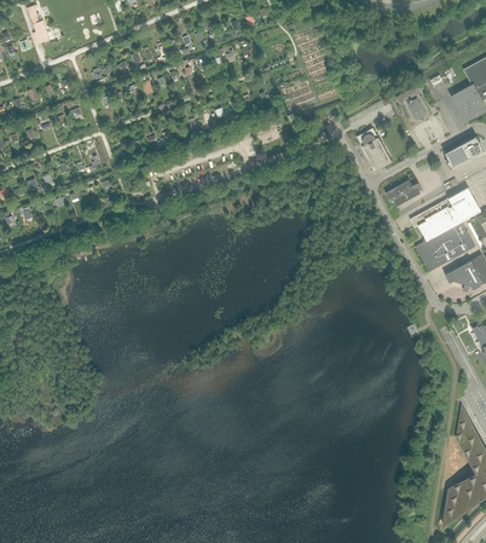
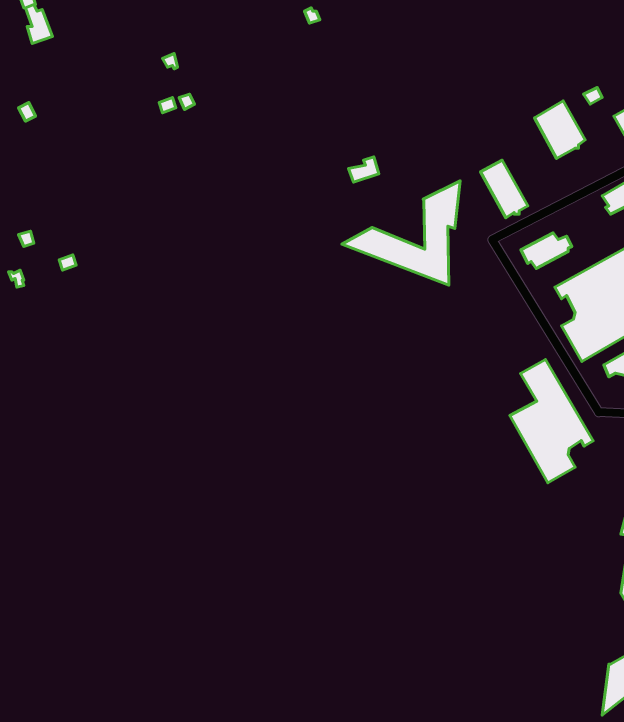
building: none -> [342,181,460,285]
building: none -> [510,359,593,483]

